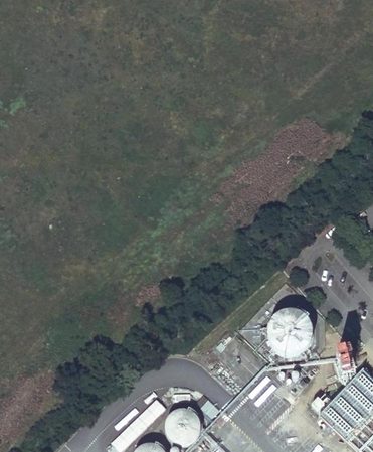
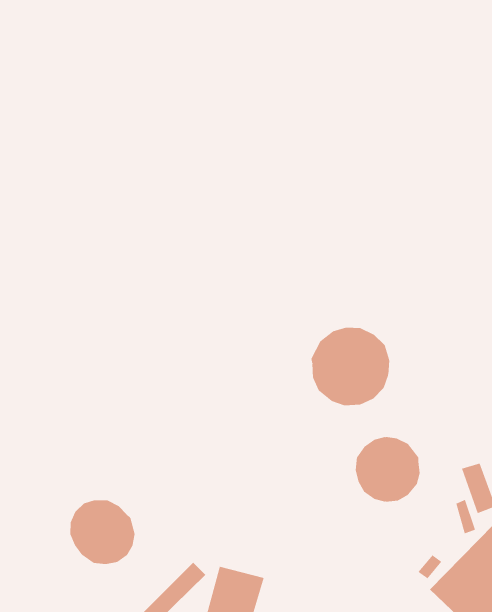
building: none -> [311,327,390,406]
building: none -> [70,499,135,565]

